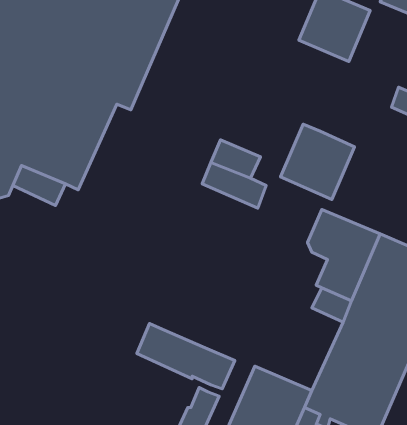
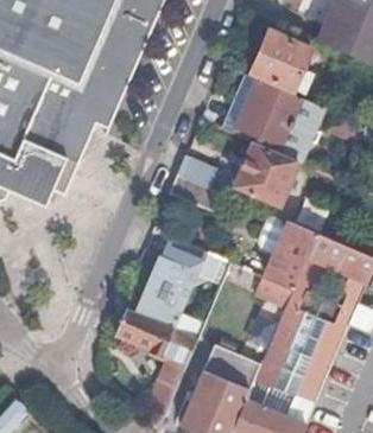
building: none -> [236,77,323,160]
building: none -> [137,235,206,327]

